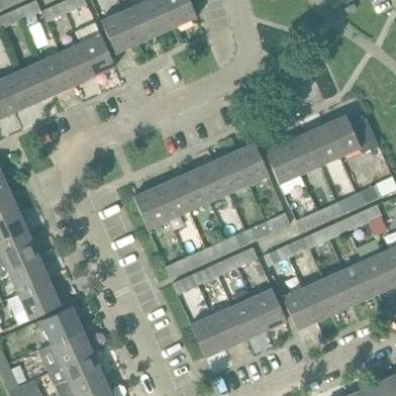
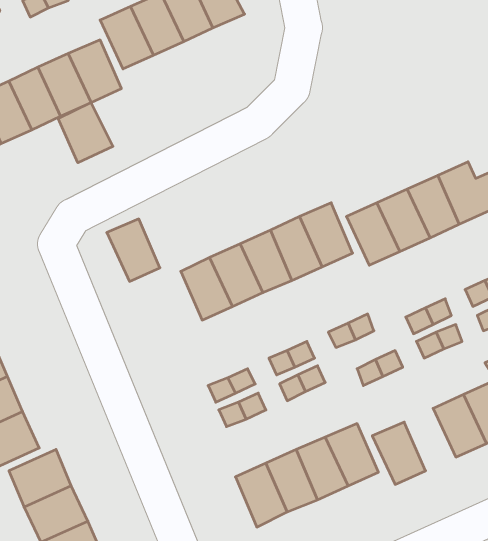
building: none -> [58,102,113,163]
building: [133,188,169,229] -> [107,219,160,281]
building: [303,279,337,320] -> none

